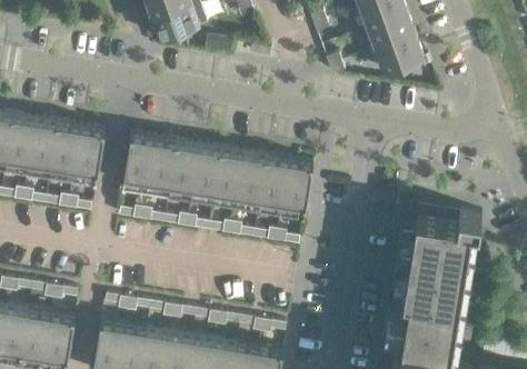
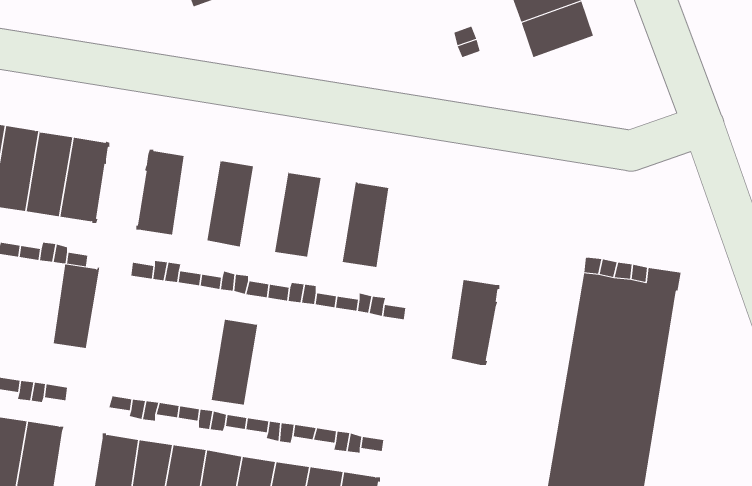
building: [146,138,177,193] -> [53,264,100,348]
building: [190,144,221,201] -> [211,319,258,405]
building: [235,152,266,208] -> none
building: [280,159,312,216] -> [451,279,500,366]

